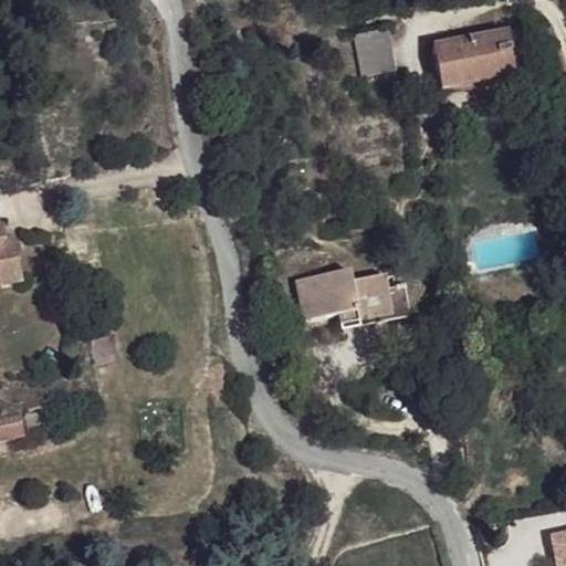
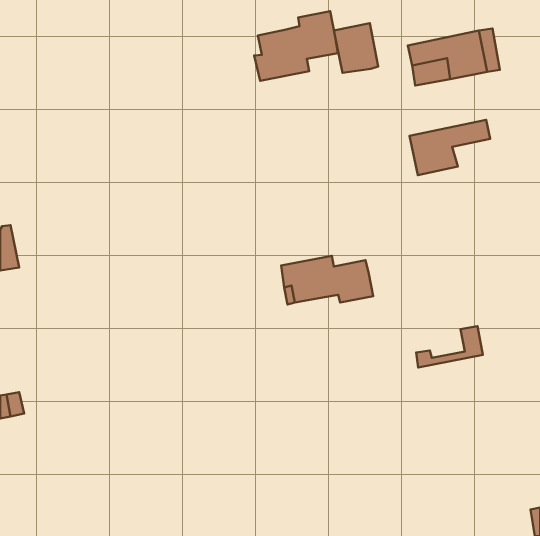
building: none -> [254,11,338,81]
building: none -> [410,120,490,175]
building: [339,283,409,326] -> [416,326,483,367]

